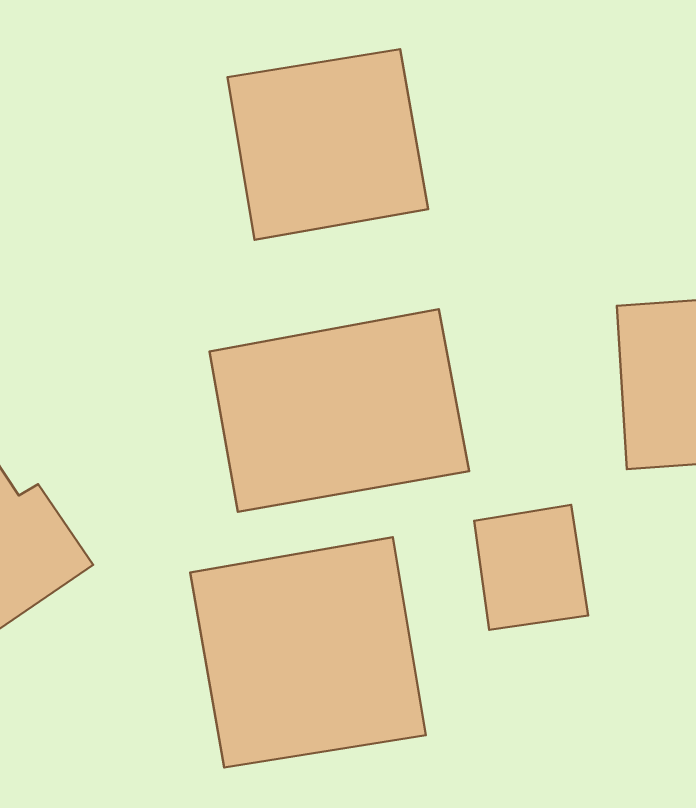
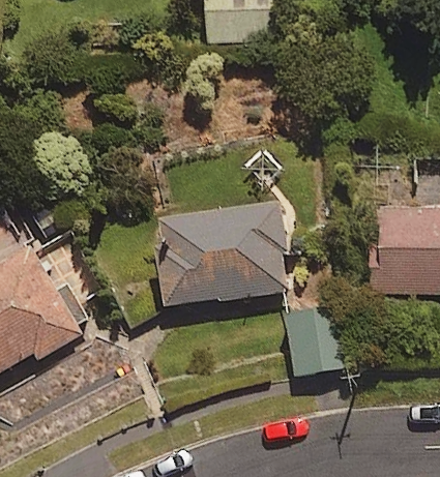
building: [227,49,428,240] -> none
building: [190,537,426,768] -> none

